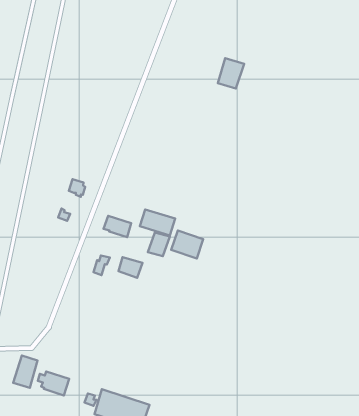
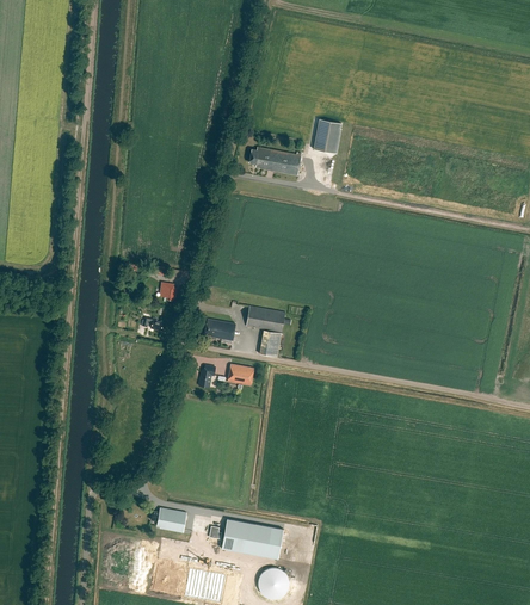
building: none -> [249,147,302,175]
building: [171,230,203,259] -> none
building: [13,356,37,388] -> none

